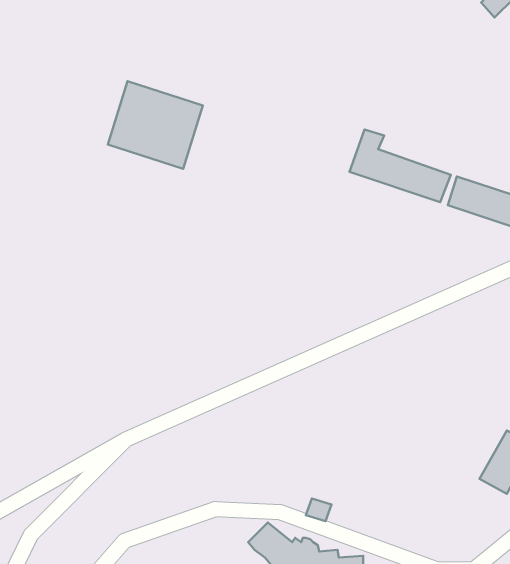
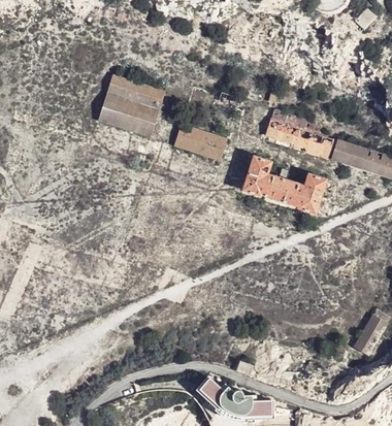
building: none -> [170,123,227,162]
building: none -> [242,155,325,215]

